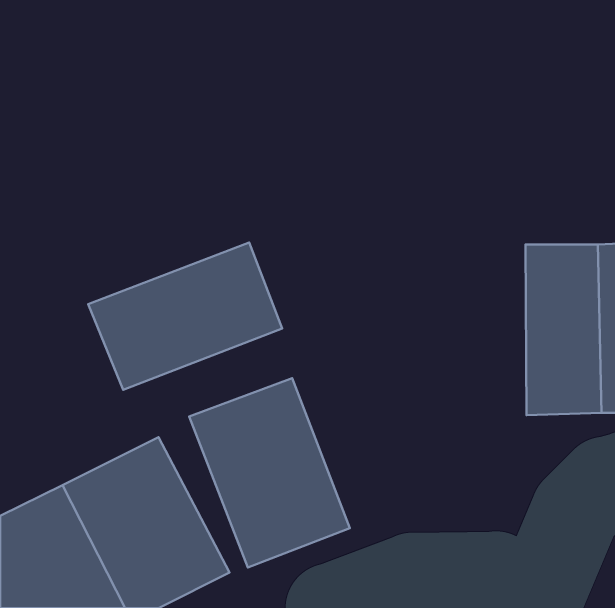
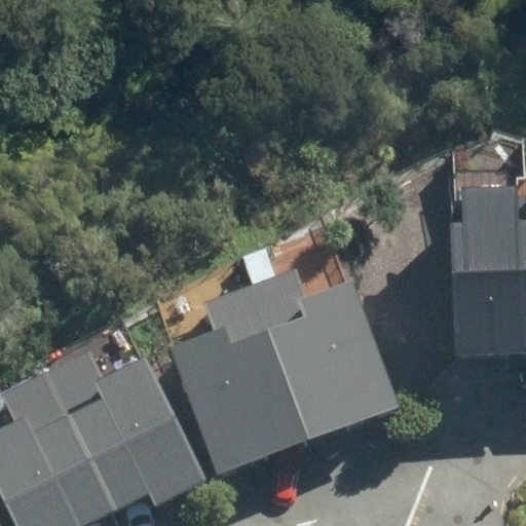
building: [88,243,282,390] -> none
building: none -> [255,279,399,442]

